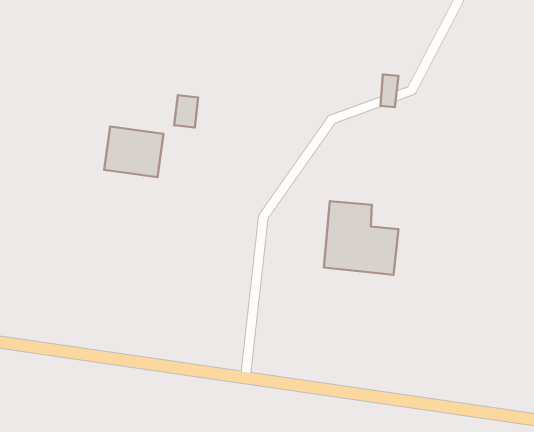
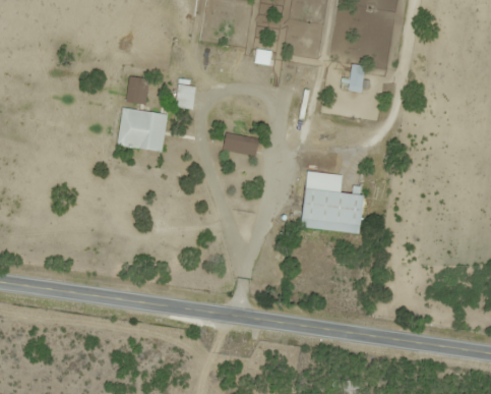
building: none -> [126,76,147,104]
building: none -> [223,134,259,154]

